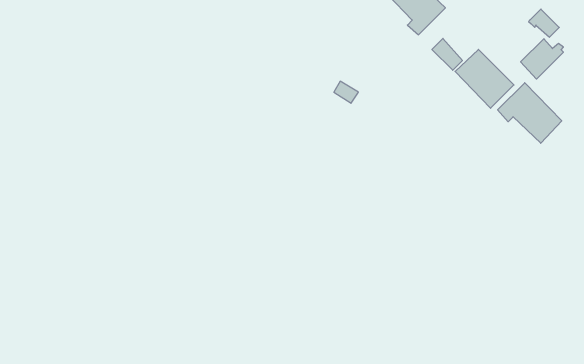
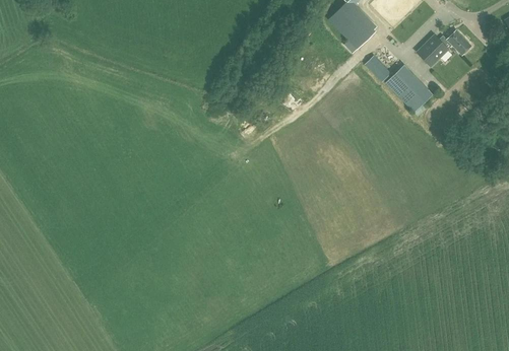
building: [521,39,563,79] -> [412,32,448,66]
building: [498,83,562,143] -> none

